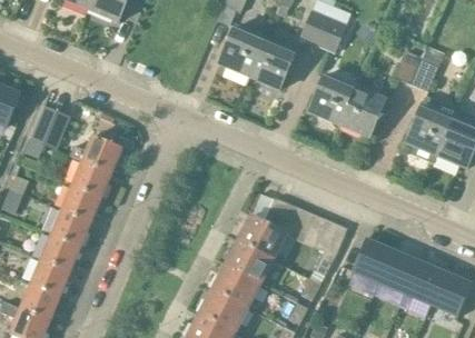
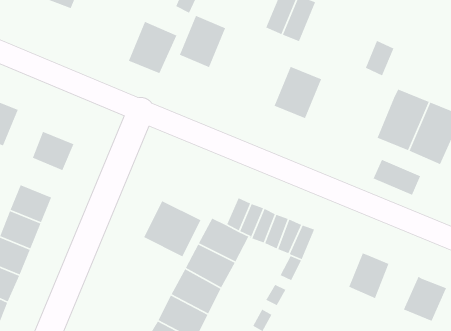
building: [248,39,295,89] -> [128,21,178,74]
building: [410,47,443,91] -> none
building: [338,87,385,137] -> none
building: [70,161,110,198] -> none
building: none -> [373,159,421,196]
building: none -> [143,200,202,257]
building: [350,237,392,282] -> none
building: [404,260,444,304] -> none

